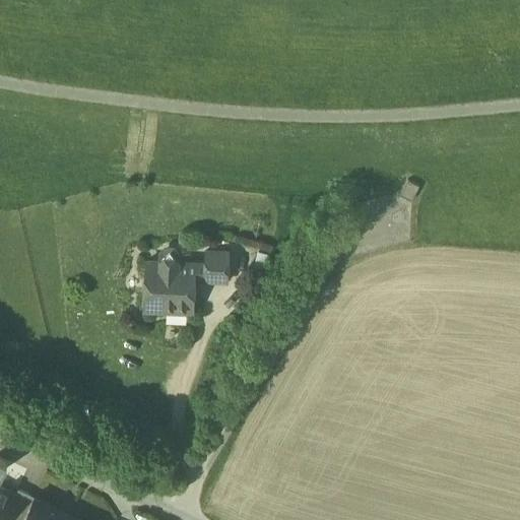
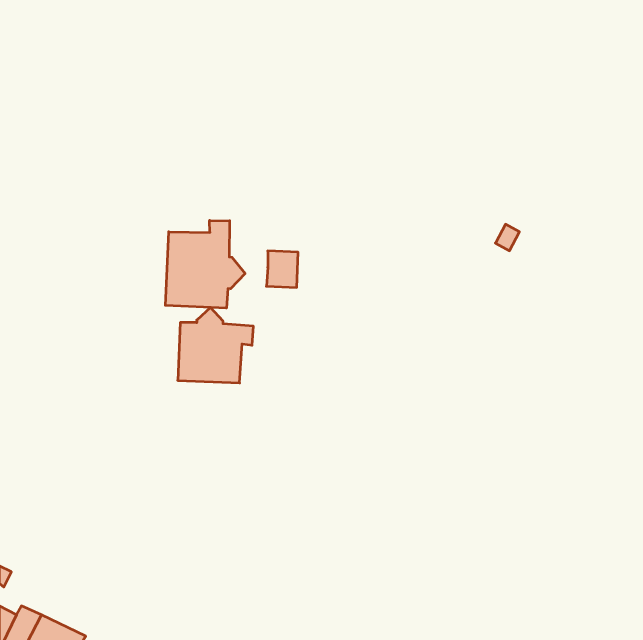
building: none -> [165,220,245,308]
building: [203,253,229,282] -> [266,251,298,287]

